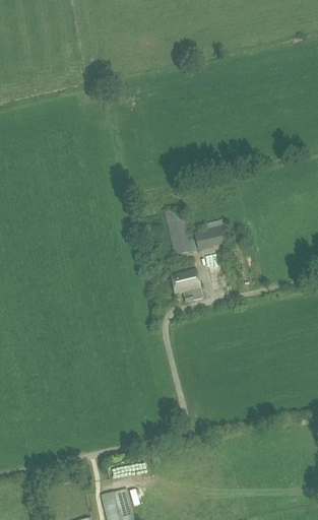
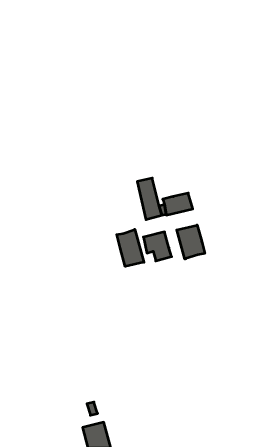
building: none -> [177,225,205,259]
building: none -> [117,229,144,266]

